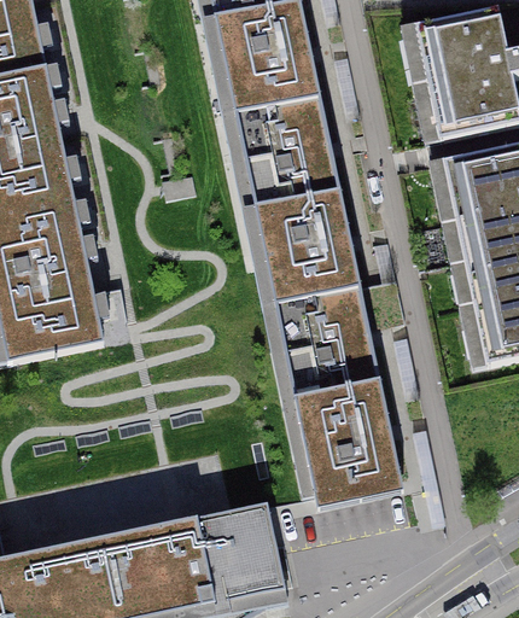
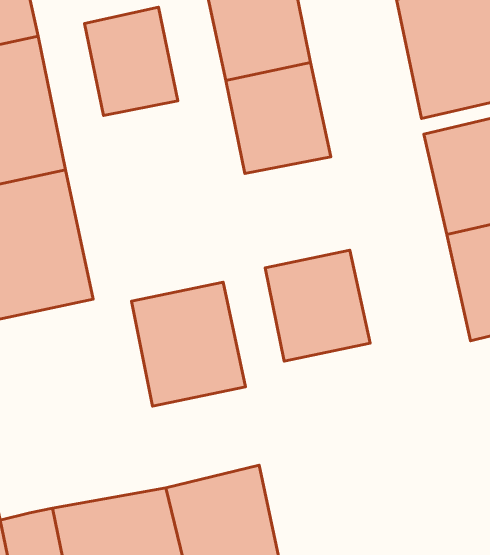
building: none -> [84,7,178,116]
building: [253,193,360,305] -> none
building: none -> [131,282,246,406]
building: [293,381,400,495] -> none

